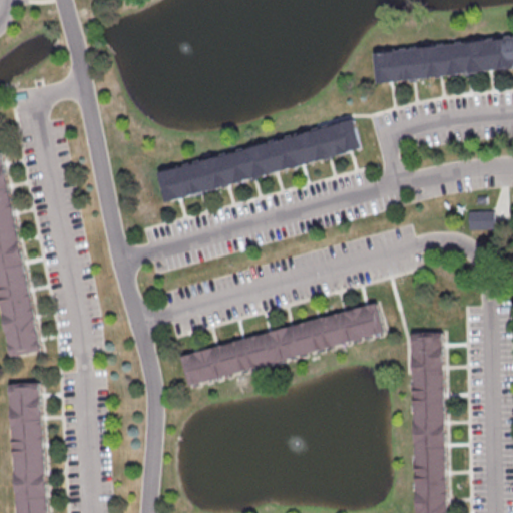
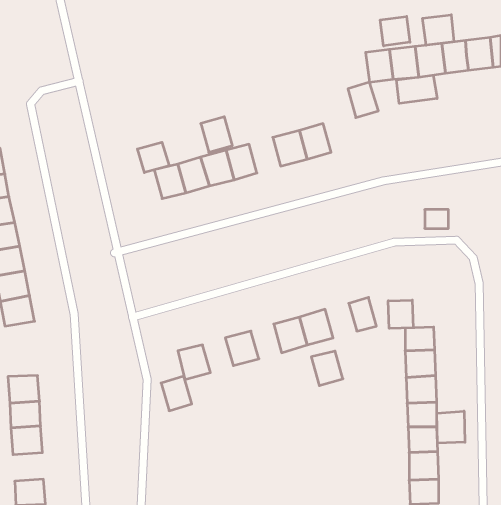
building: none -> [423,15,454,45]
building: none -> [380,16,410,46]
building: none -> [396,75,437,103]
building: [328,118,359,154] -> [348,82,378,118]
building: [252,139,285,175] -> [201,117,232,152]
building: none -> [137,142,169,173]
building: [467,210,491,229] -> [425,210,448,228]
building: none -> [388,300,413,328]
building: [330,308,362,343] -> [311,351,343,386]
building: [5,326,39,356] -> none
building: [254,329,286,364] -> none
building: [205,343,236,378] -> [161,376,192,411]
building: none -> [437,411,465,443]
building: [13,459,44,488] -> none

